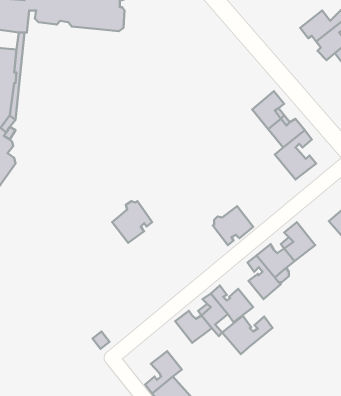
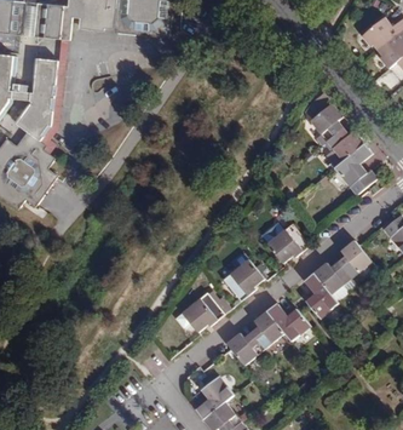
building: [112,201,152,243] -> [219,258,261,302]
building: none -> [178,293,220,334]
building: [222,316,273,354] -> none

